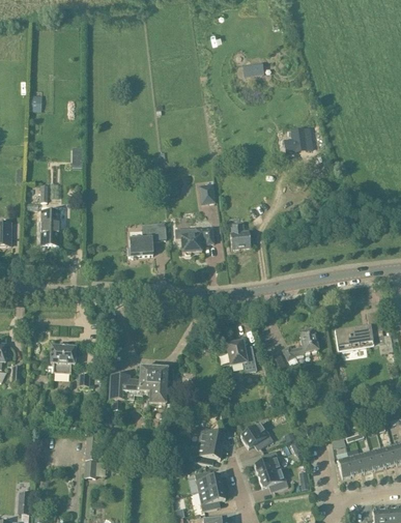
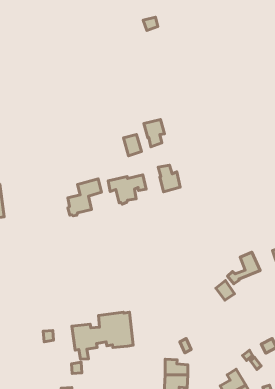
building: [285,129,312,152] -> none
building: none -> [144,119,165,147]
building: [220,341,256,372] -> none
building: [50,346,76,374] -> none
building: [239,423,273,448] -> none

